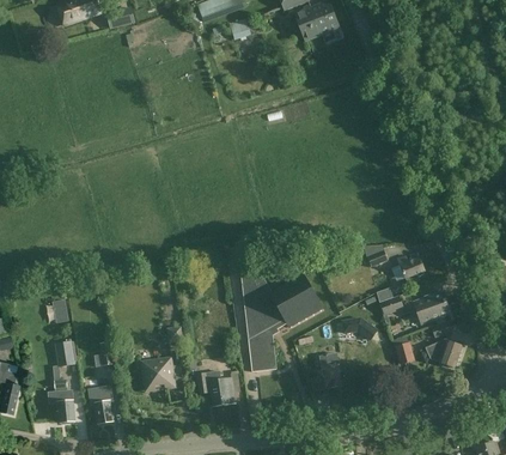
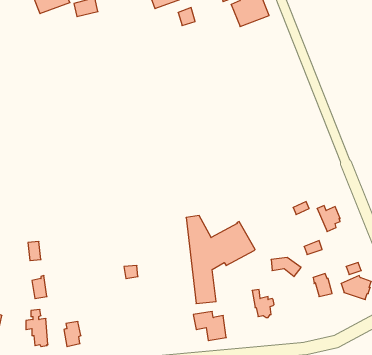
building: [414,293,449,323] -> none
building: [139,357,175,393] -> none
building: [195,372,234,407] -> [193,312,226,341]

